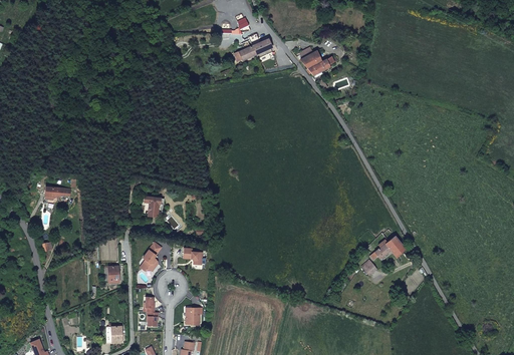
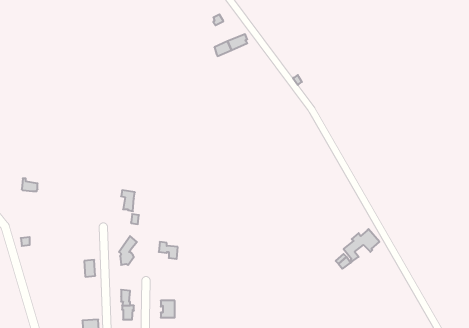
building: [300,50,336,75] -> none

